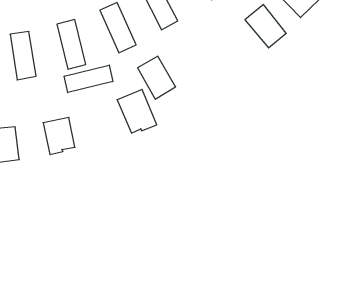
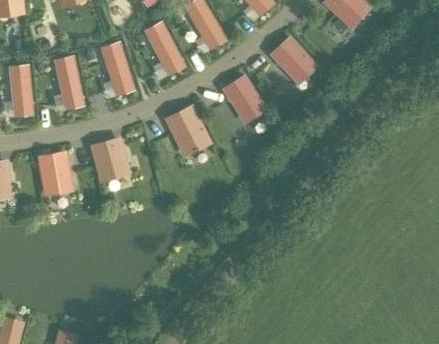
building: [245,4,286,48] -> [272,38,315,82]
building: [138,56,176,99] -> [225,77,265,121]
building: [64,65,113,93] -> none

